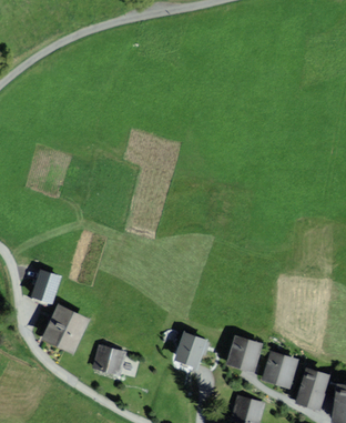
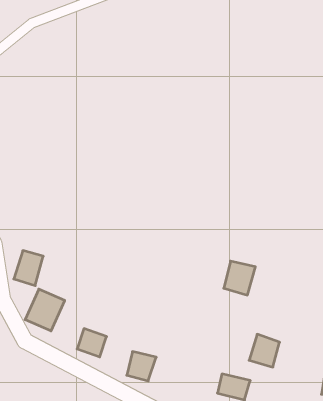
building: [177,336,206,365] -> [127,352,156,381]
building: [228,339,260,372] -> [224,261,255,295]
building: [298,371,326,405] -> none

